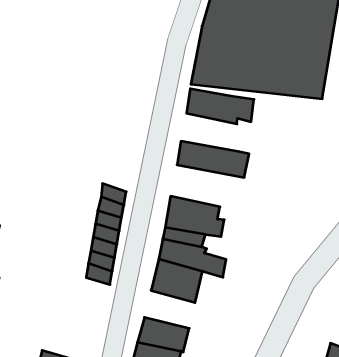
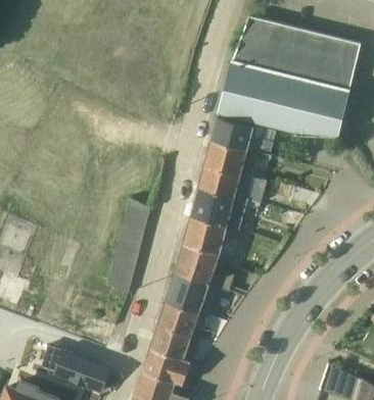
building: none -> [203,140,269,179]
building: none -> [190,187,260,230]
building: none -> [157,301,205,339]

